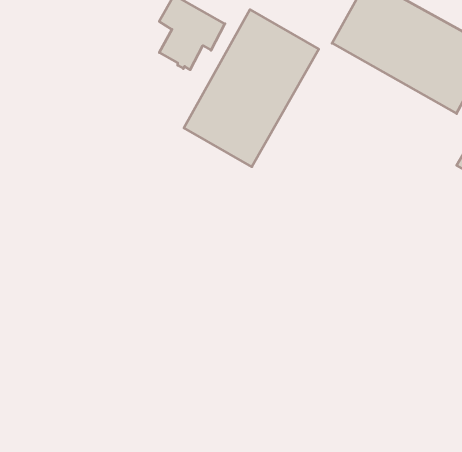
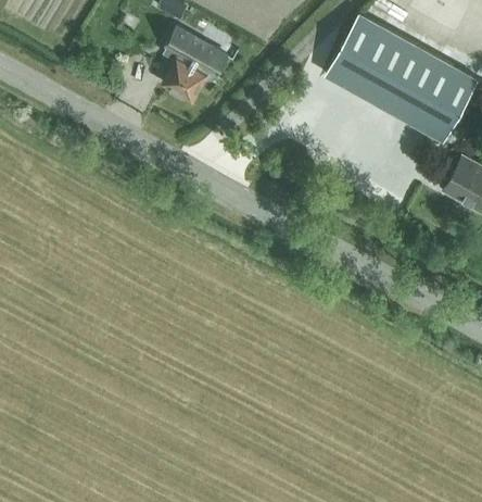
building: [184,10,319,167] -> none

